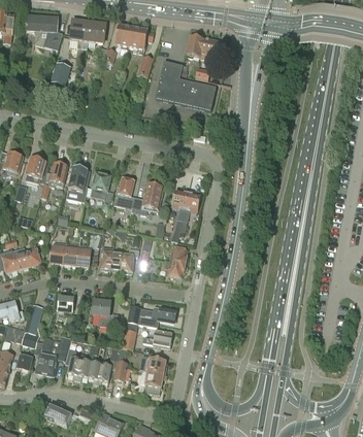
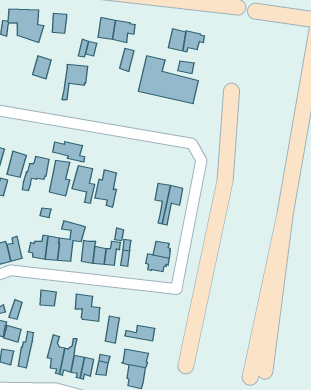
building: [79,22,105,57] -> [62,64,88,100]
building: none -> [53,142,84,162]
building: [131,183,163,213] -> none
building: [127,305,176,326] -> none
building: [44,335,70,375] -> none

